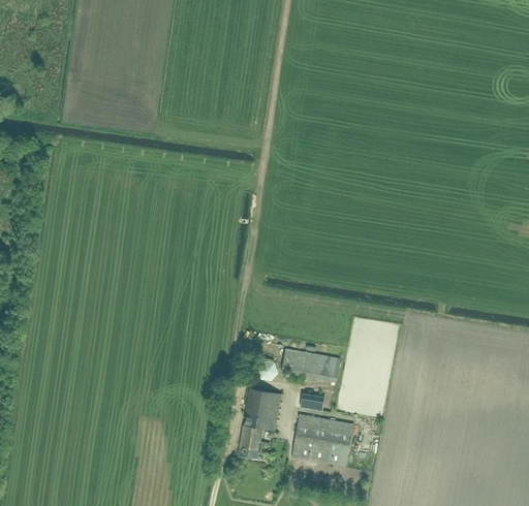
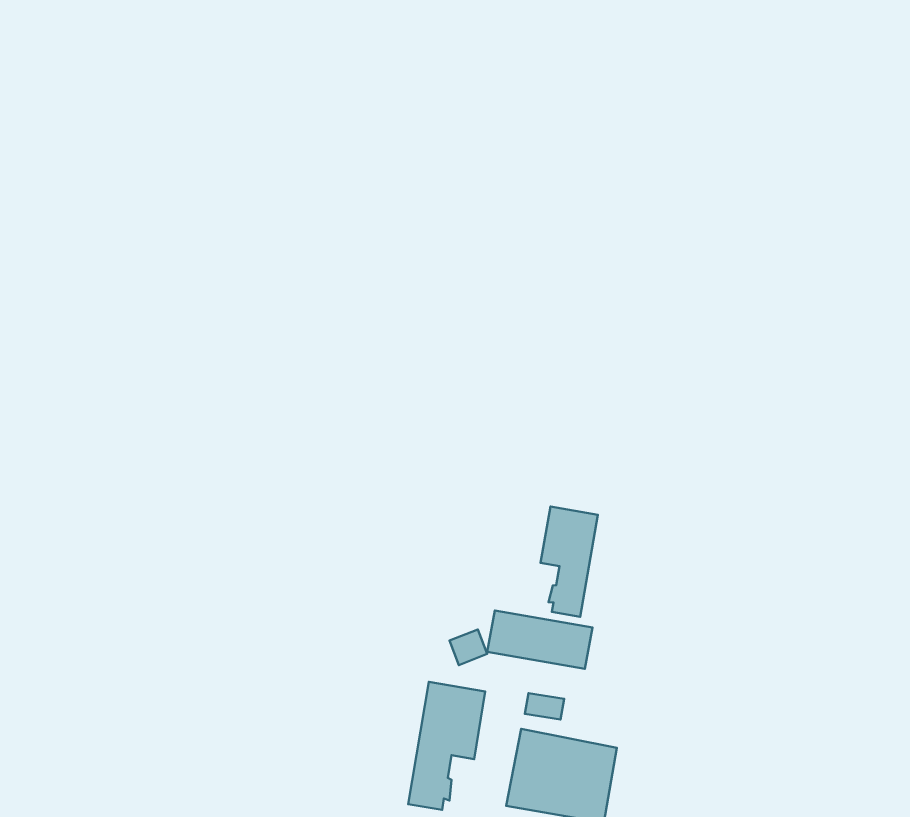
building: none -> [541,507,598,617]

